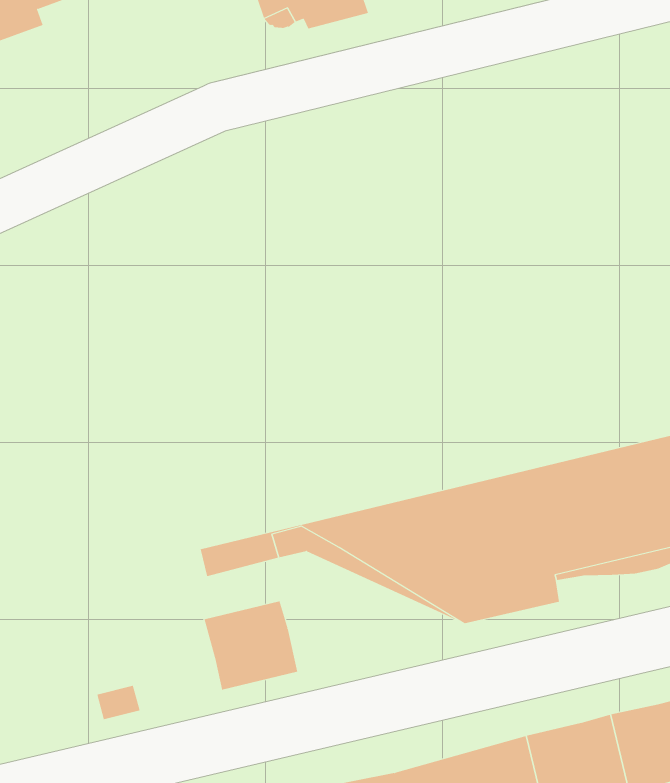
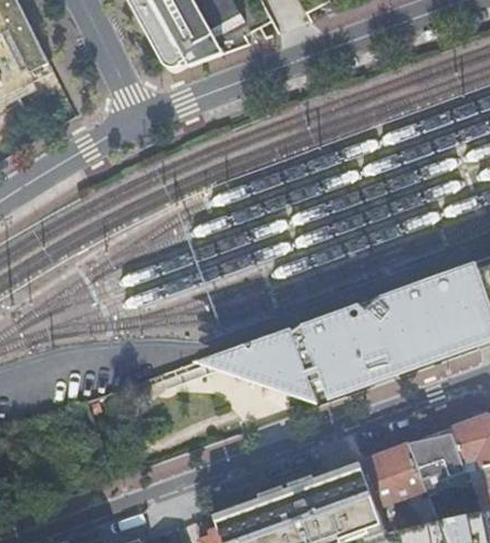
building: [204,600,298,690] -> none

